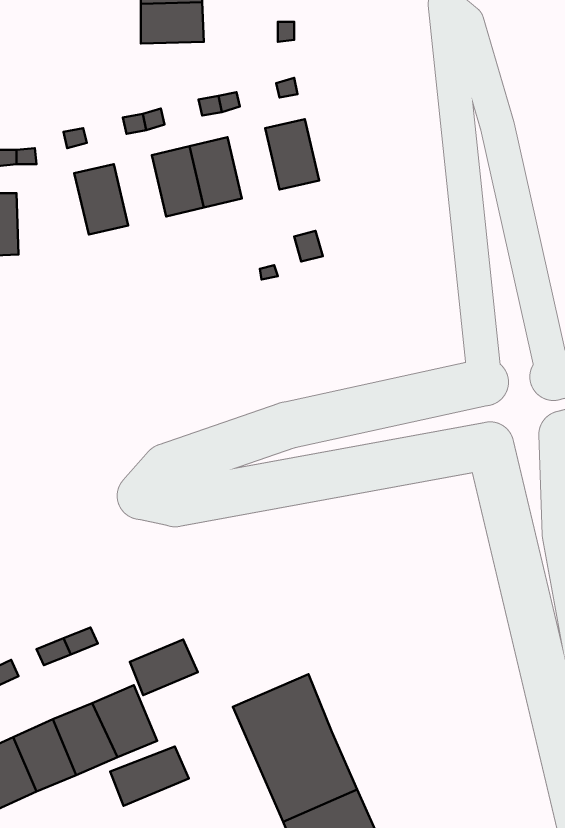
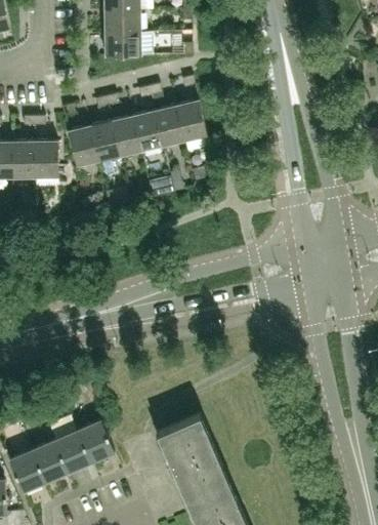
building: none -> [155,106,184,146]
building: none -> [90,121,120,161]
building: none -> [35,142,58,177]
building: [130,640,198,695] -> none
building: [110,747,189,806] -> none

